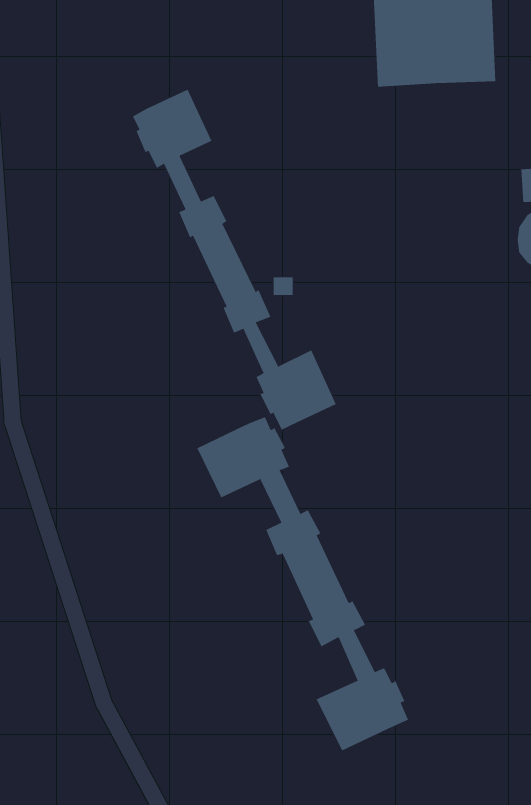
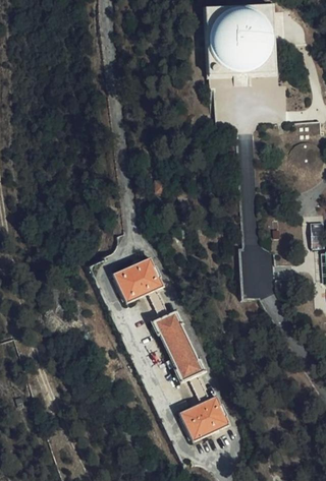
building: [132,89,336,431] -> none

